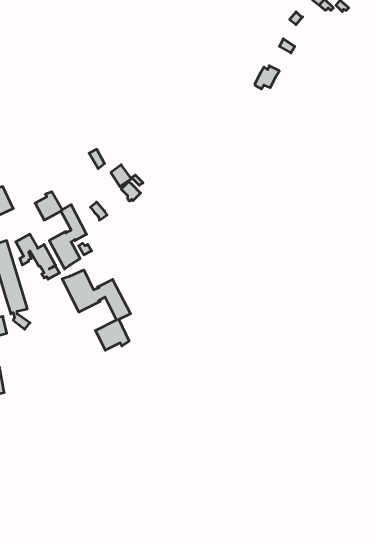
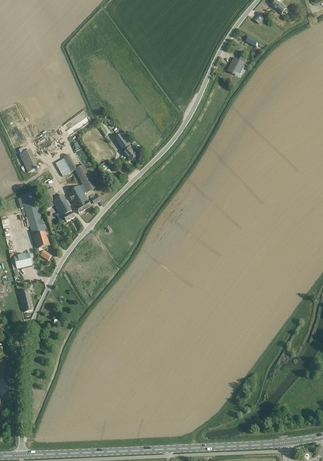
building: [62,270,131,350] -> none

